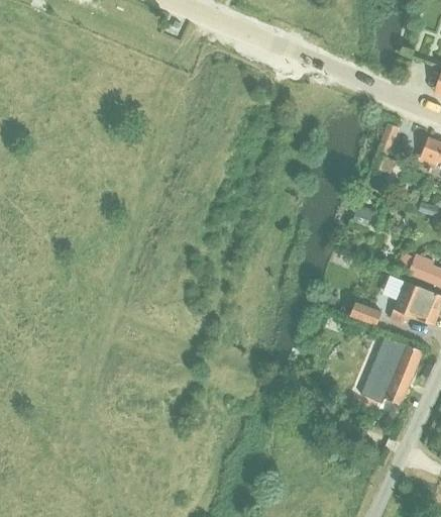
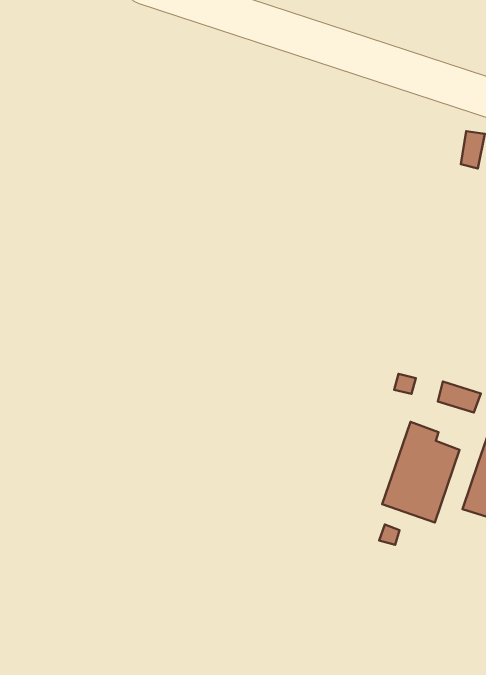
building: none -> [382,422,460,523]

